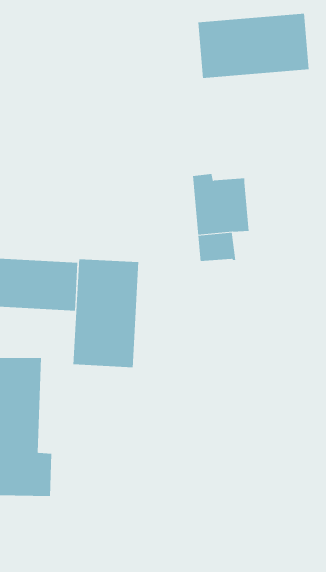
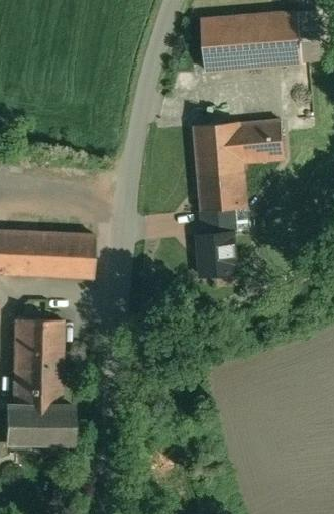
building: none -> [195,119,285,163]
building: [73,258,139,368] -> none
building: none -> [199,232,236,276]

